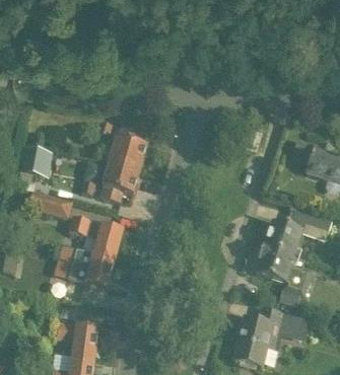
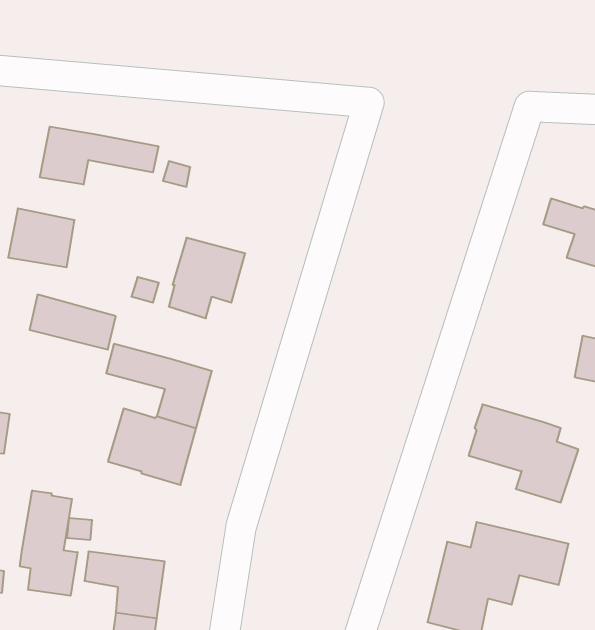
building: none -> [40,127,158,185]
building: [109,126,146,168] -> none
building: [262,220,301,255] -> none
building: none -> [20,490,78,596]

